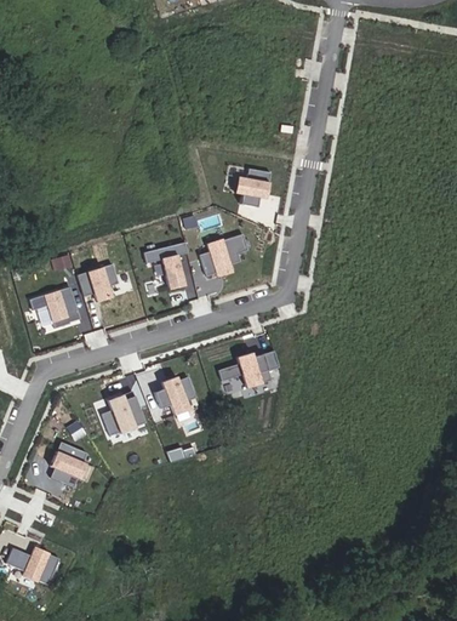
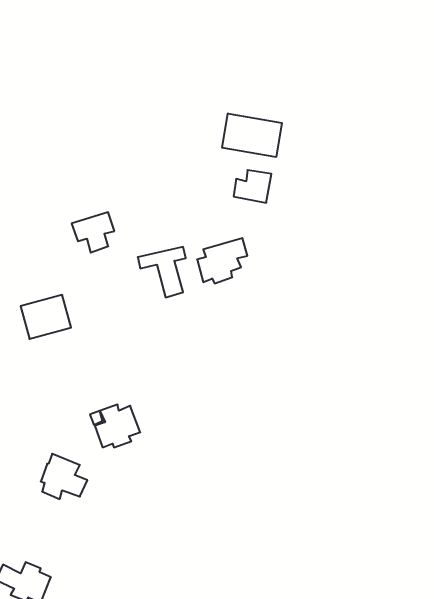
building: none -> [222,113,282,157]
building: [78,266,119,304] -> [72,212,114,253]
building: [218,352,275,387] -> none
building: [155,376,196,415] -> none

